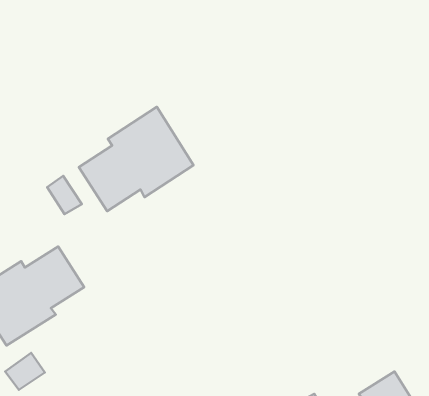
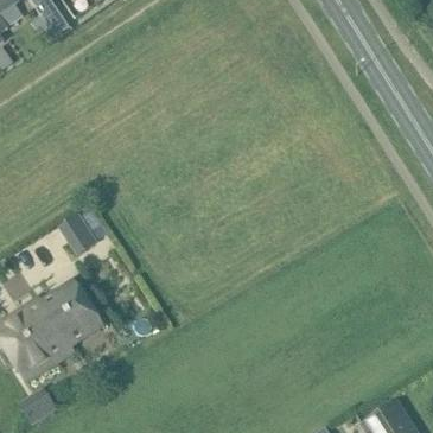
building: [79,107,193,211] -> none

